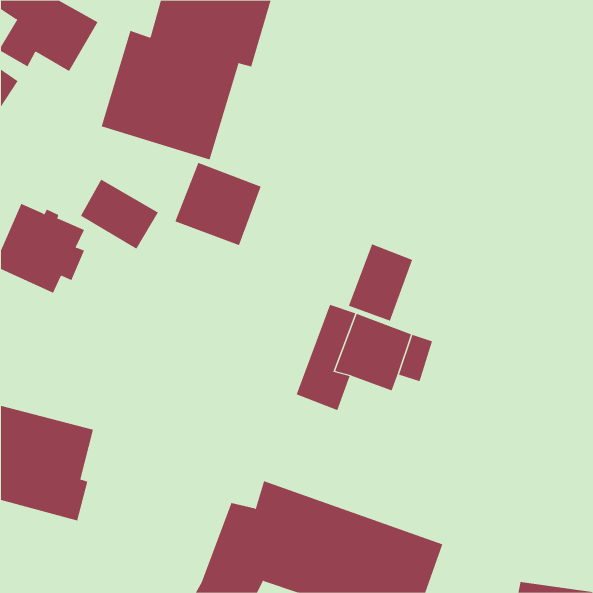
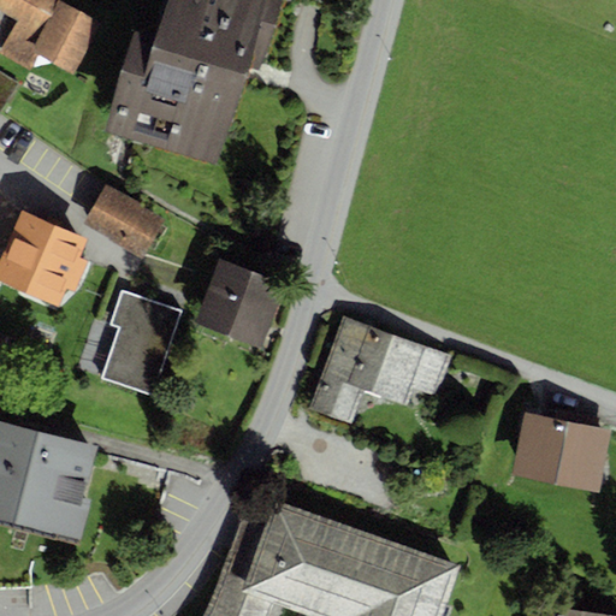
building: [175,162,262,246] -> [195,260,285,346]
building: [348,244,413,322] -> none
building: none -> [100,289,183,396]
building: none -> [511,409,610,491]

